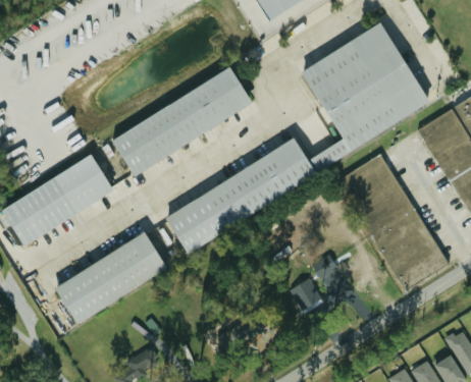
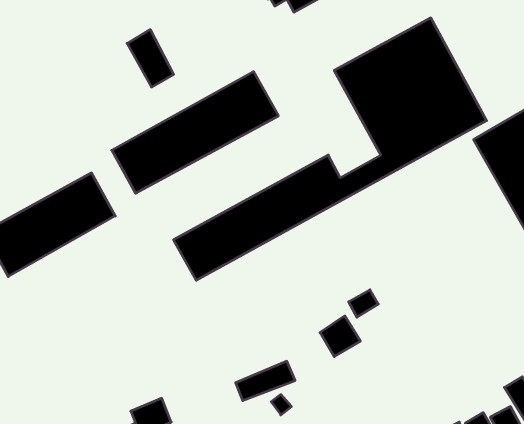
building: none -> [127,30,174,87]
building: [338,154,449,291] -> none
building: [54,233,167,323] -> none

